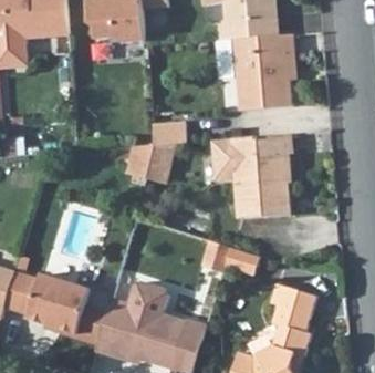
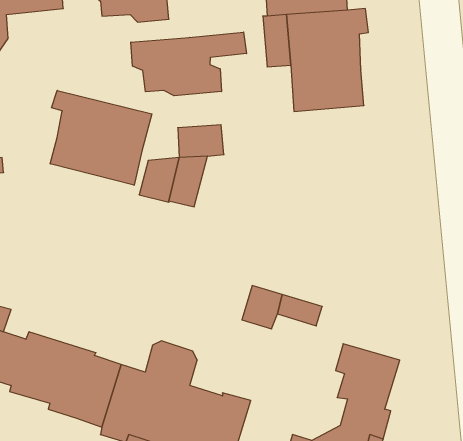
building: none -> [131,32,246,96]
building: none -> [50,90,152,185]
building: [210,134,292,218] -> none

